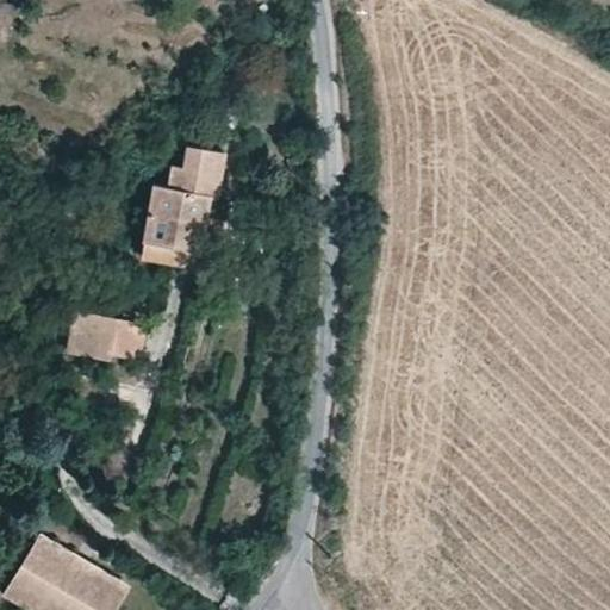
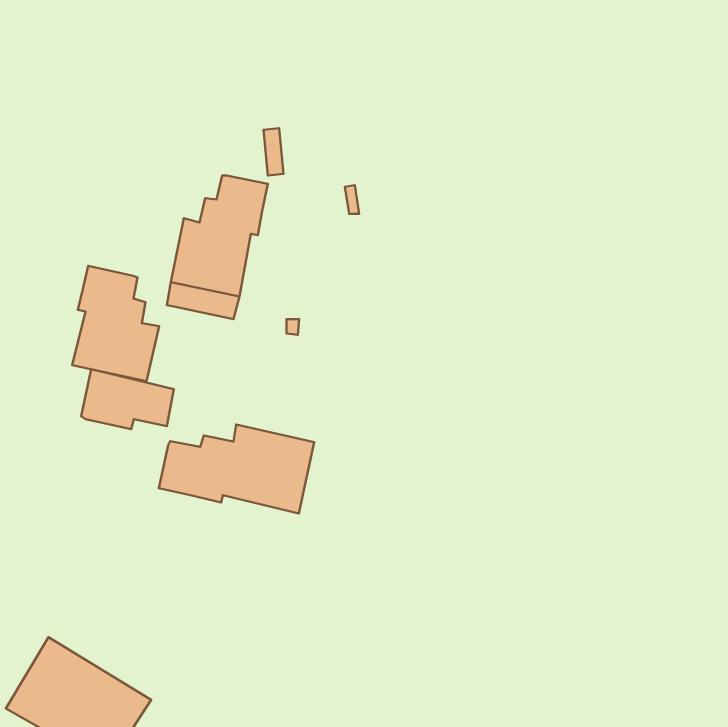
building: none -> [72,266,159,381]
building: none -> [159,425,314,513]

